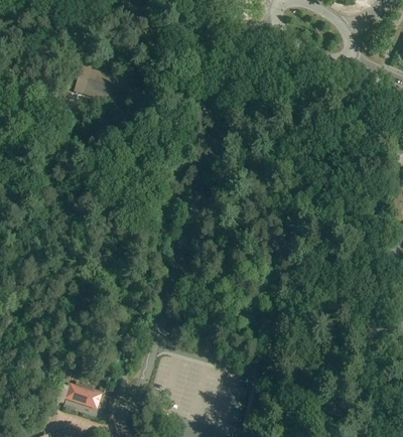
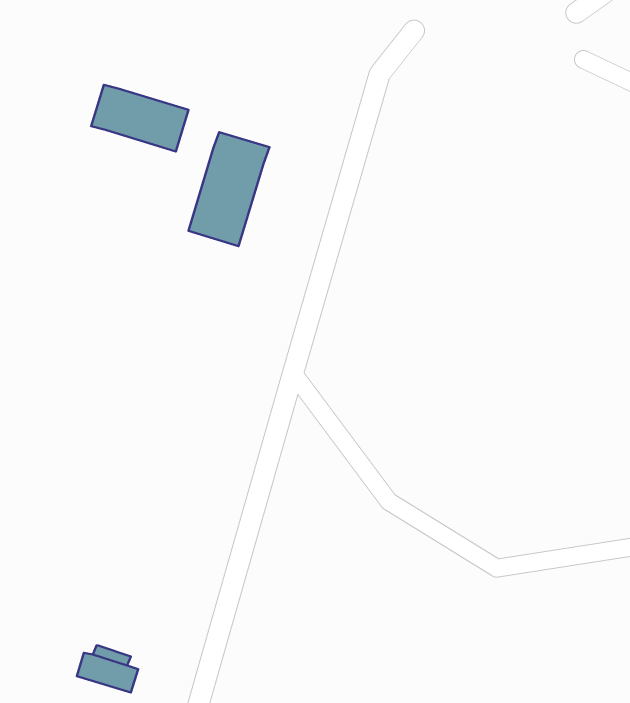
building: none -> [188,132,269,246]

